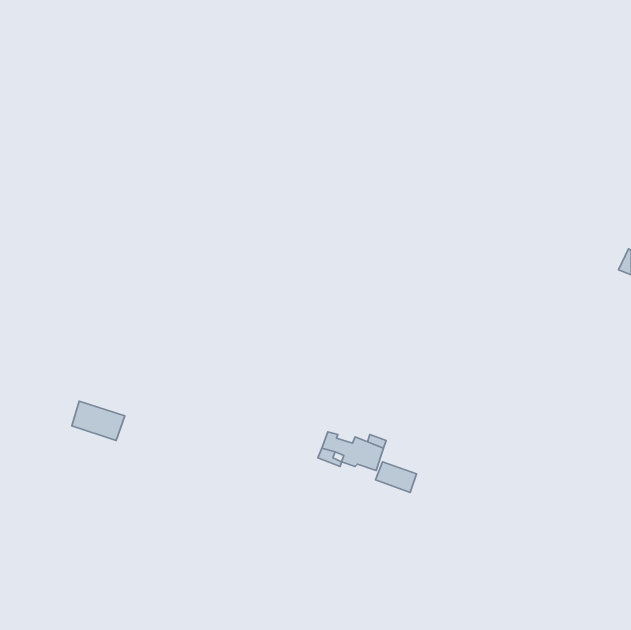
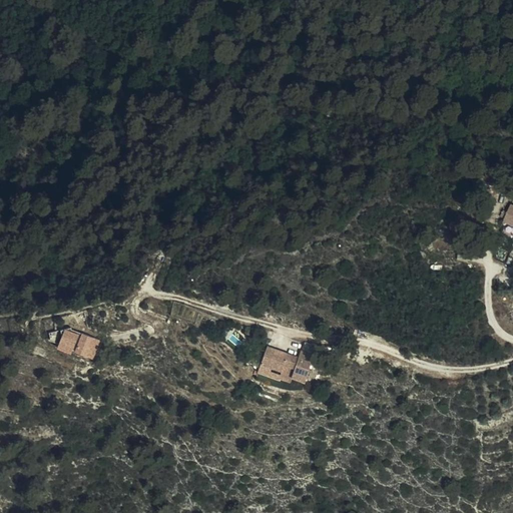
building: [375,462,417,493] -> none

